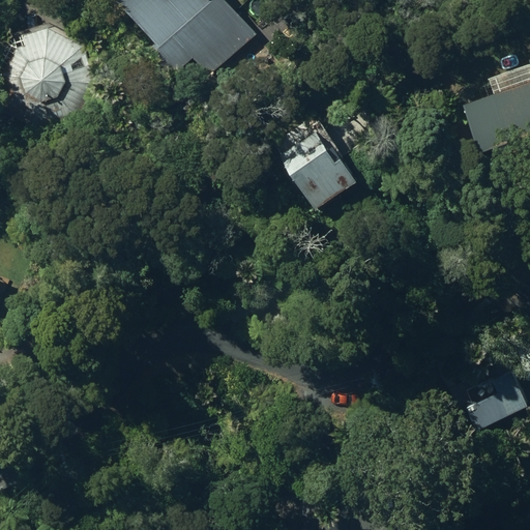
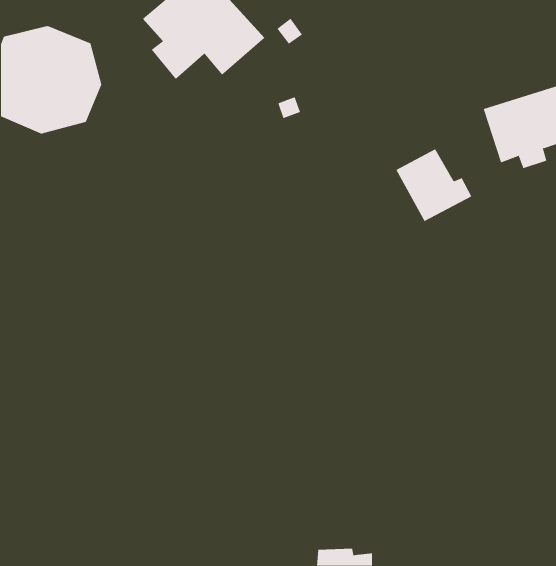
building: [277,130,349,199] -> [395,149,472,222]
building: [465,371,524,428] -> none

